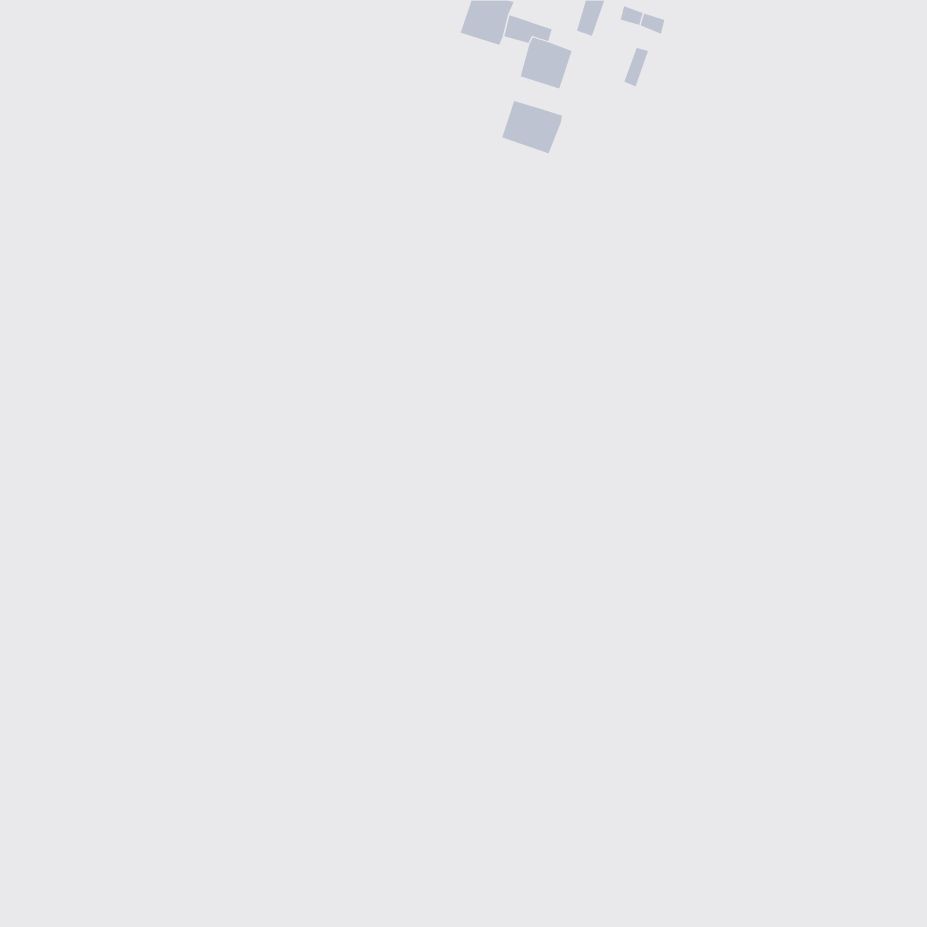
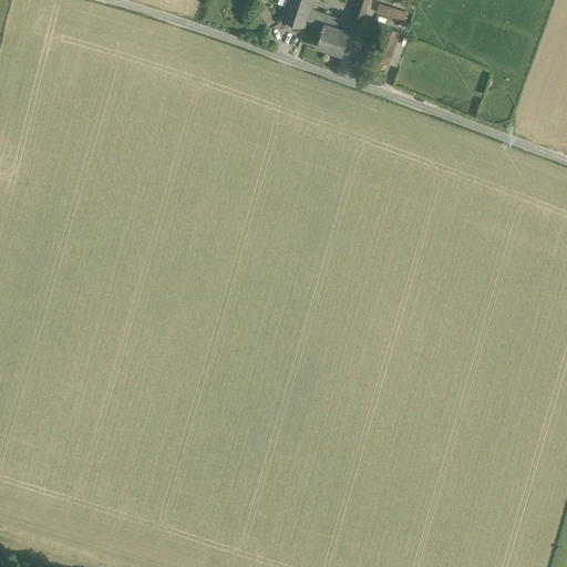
building: [501,100,562,154] -> none

